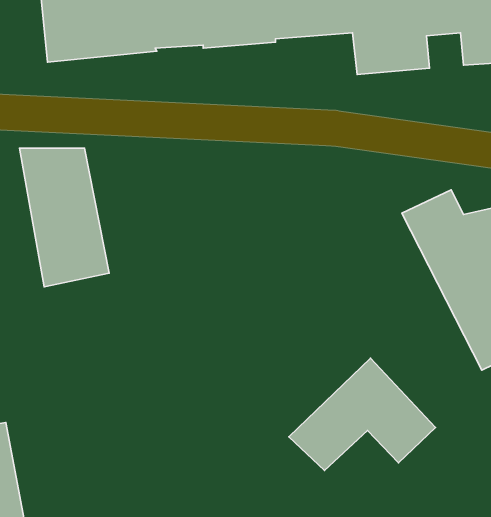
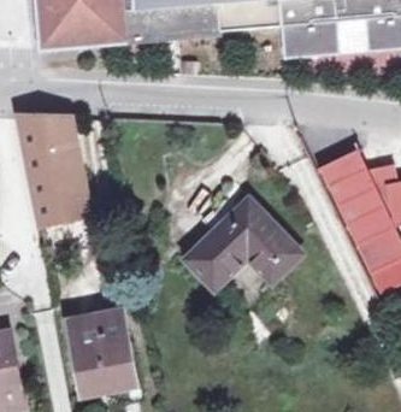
building: [289,358,435,471] -> [184,198,299,286]
building: none -> [69,313,136,394]

